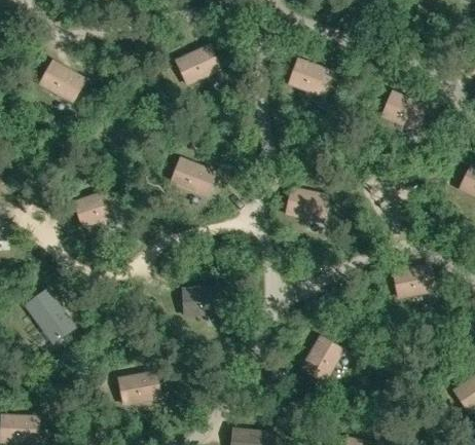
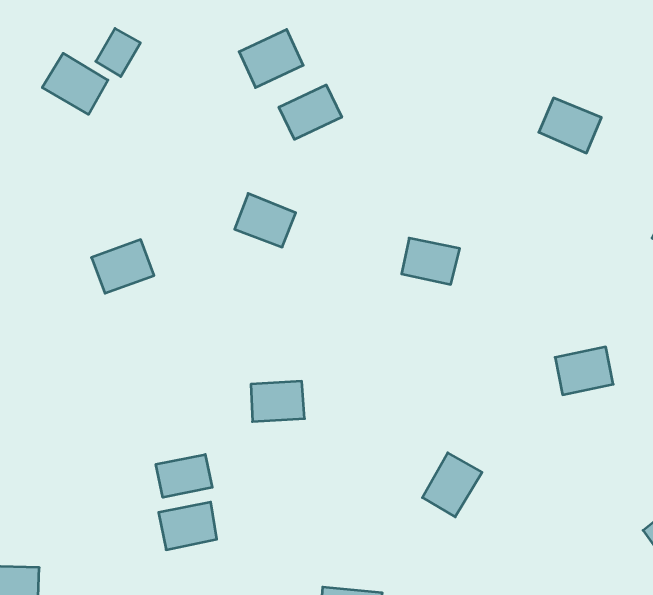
building: none -> [96,28,140,77]
building: [289,60,331,96] -> none
building: none -> [279,85,342,139]
building: [25,290,73,342] -> none
building: none -> [156,454,212,497]

